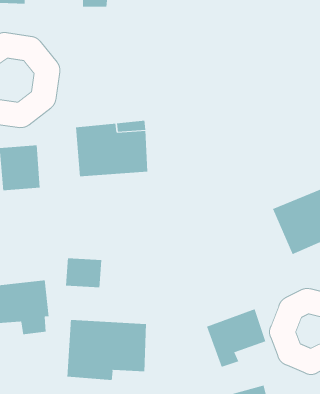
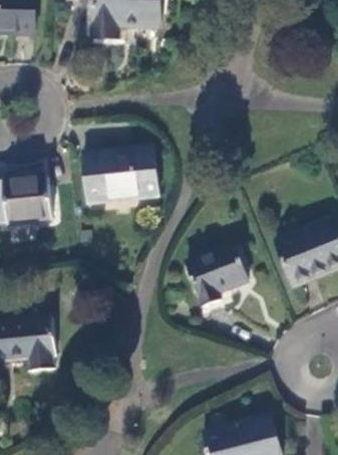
building: [206,309,266,368] -> [193,244,253,303]
building: [67,319,147,381] -> none

